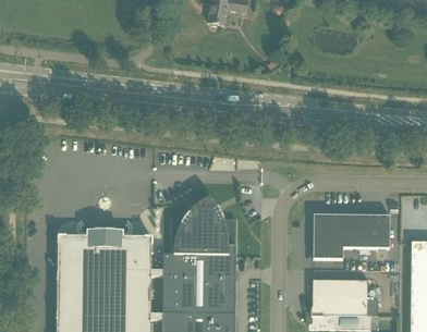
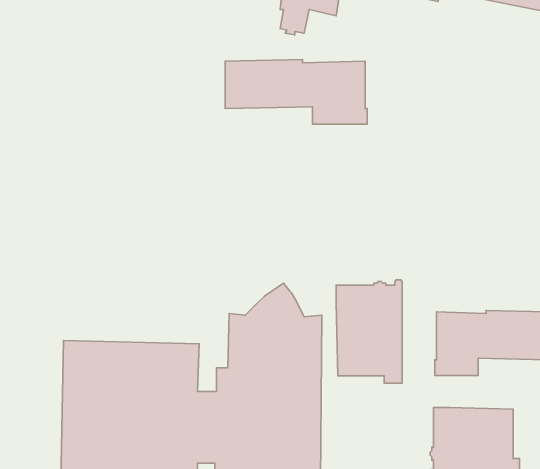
building: none -> [225,60,367,124]
building: none -> [336,280,402,383]

